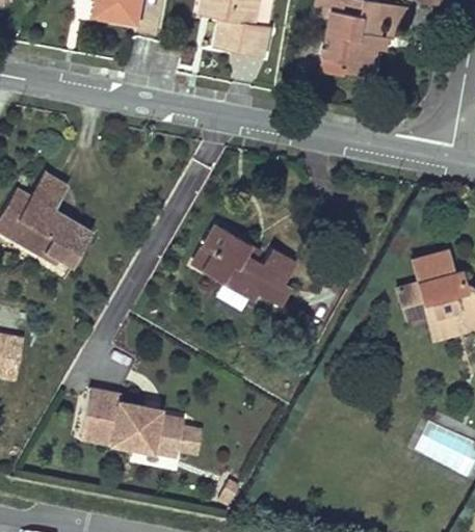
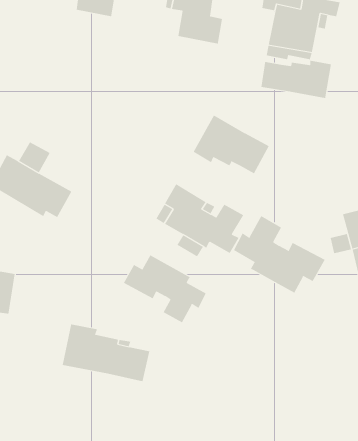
building: none -> [261,60,332,99]
building: none -> [193,114,270,174]
building: none -> [233,215,325,293]
building: none -> [123,255,206,323]

